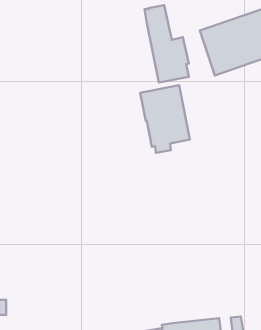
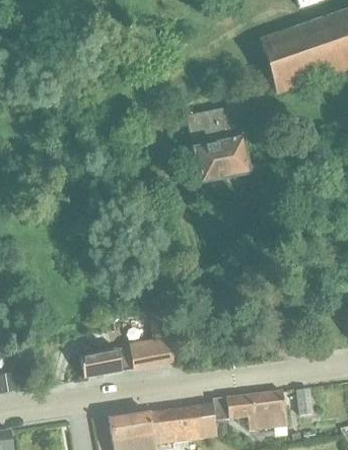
building: [145,5,189,82] -> none
building: none -> [80,336,172,377]

